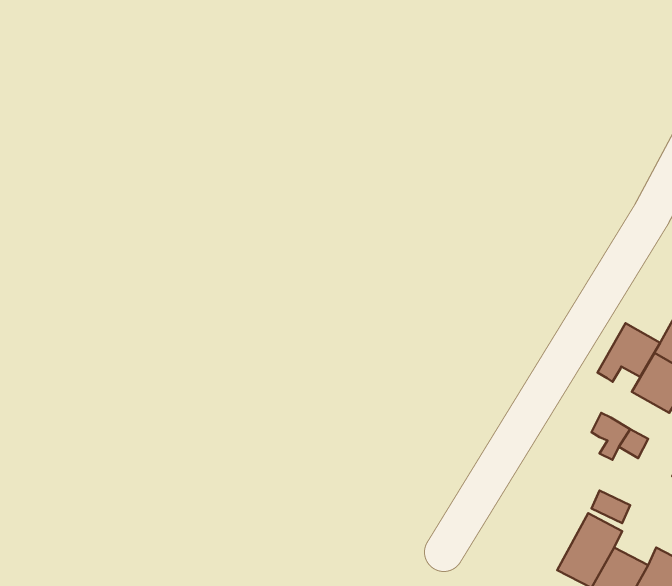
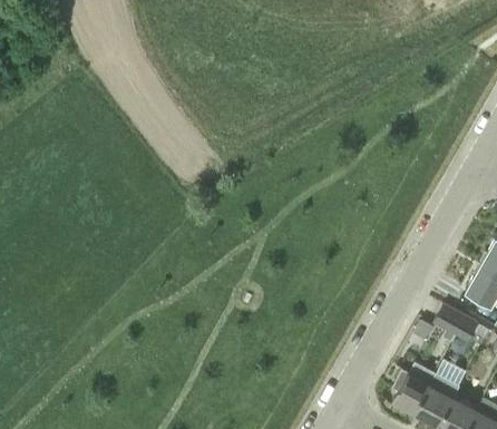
building: [597,323,660,382] -> none
building: none -> [393,364,436,415]

